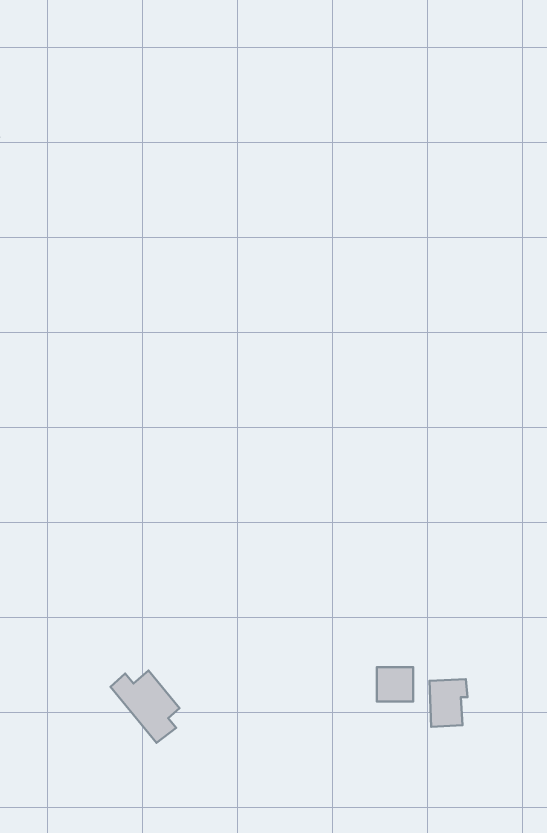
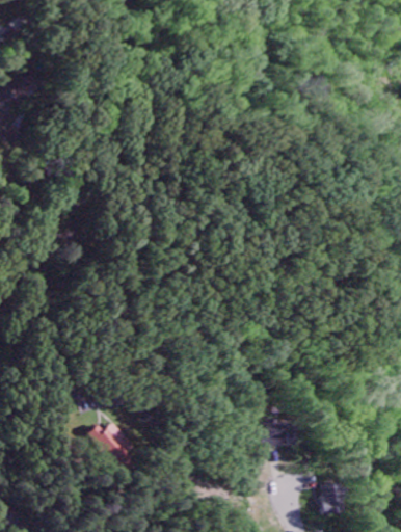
building: [430,679,467,727] -> [317,483,341,513]

